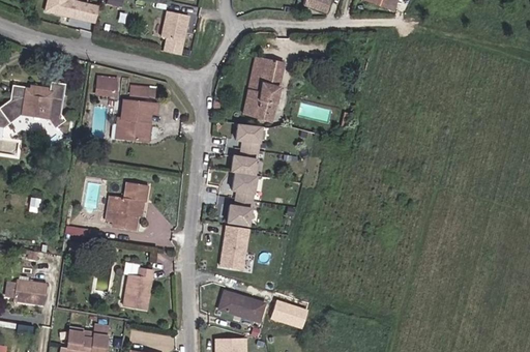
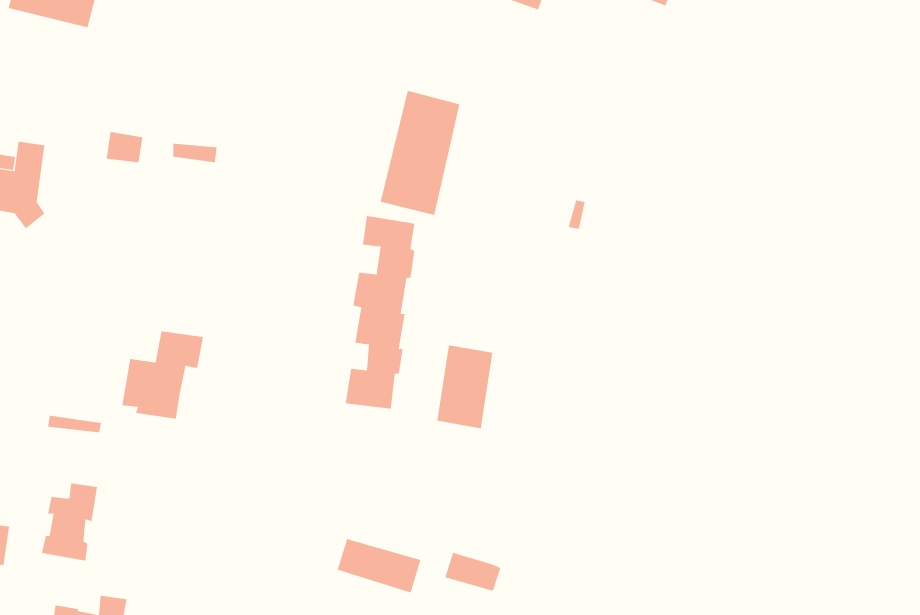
building: [161,11,189,55] -> none
building: [121,100,156,141] -> none
building: [220,226,251,270] -> [436,345,493,429]
building: [123,268,153,310] -> [41,483,98,561]

